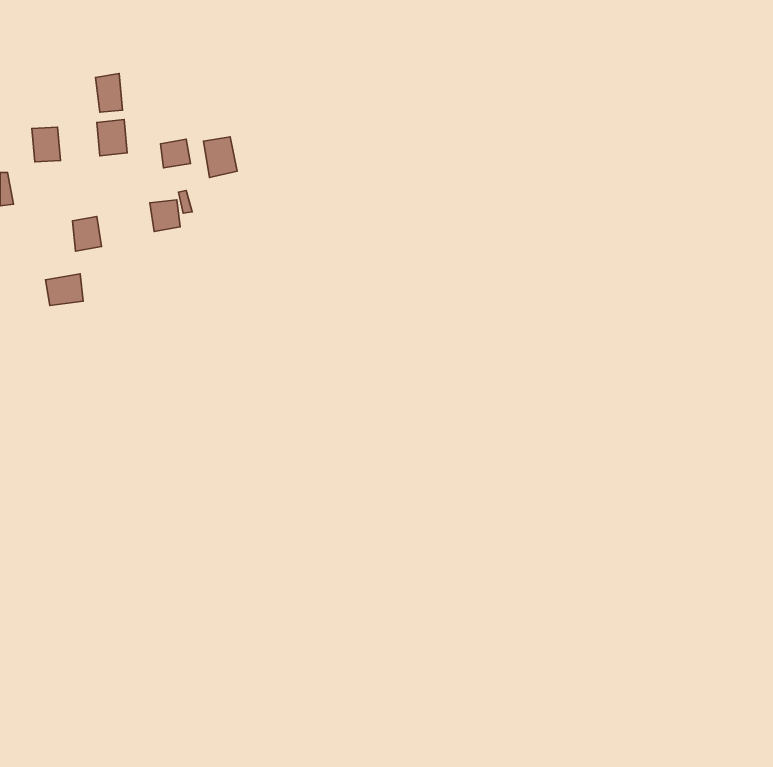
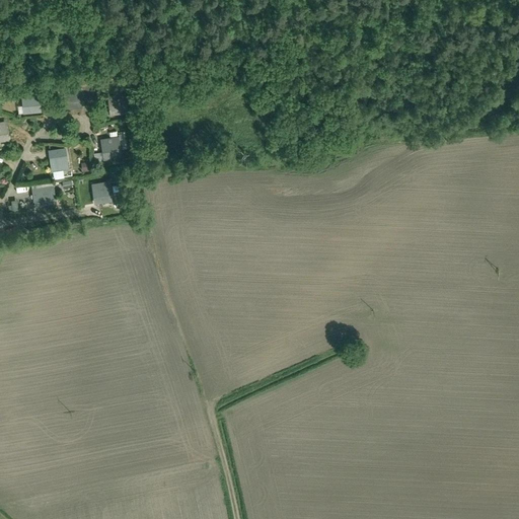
building: [96,73,122,112] -> none
building: [203,137,237,177] -> none
building: none -> [91,182,113,206]

